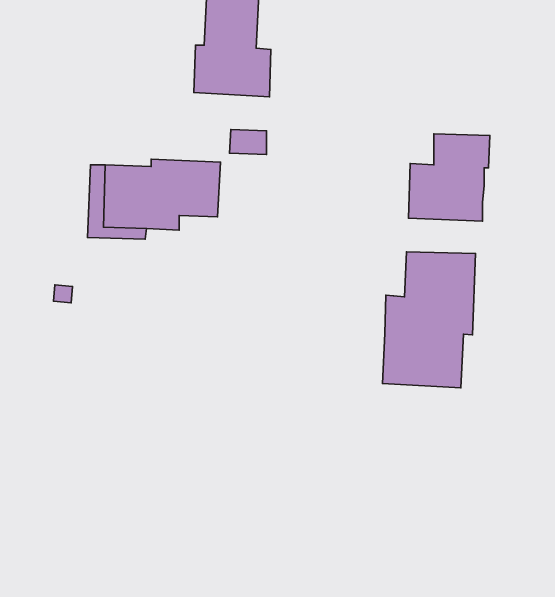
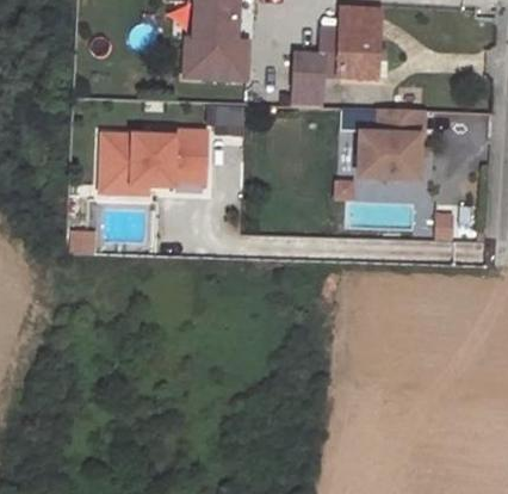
building: none -> [295,10,379,107]
building: [382,252,476,388] -> none

